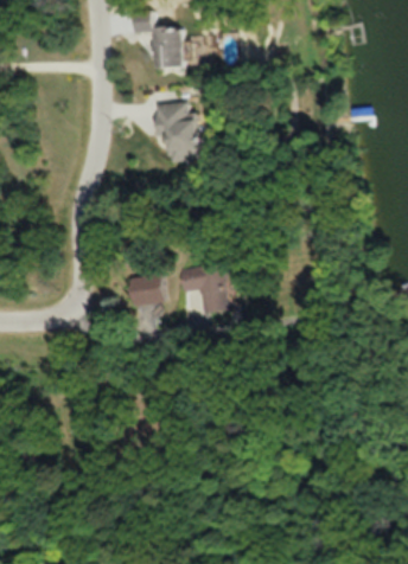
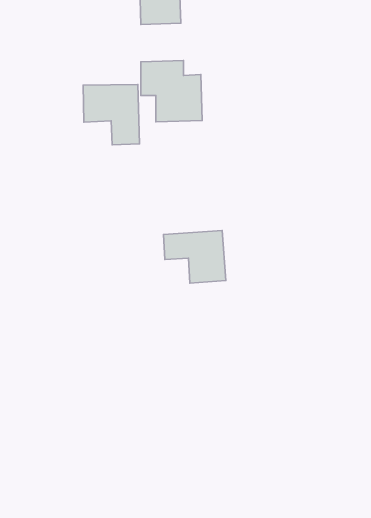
building: none -> [83,84,140,145]
building: [127,275,166,305] -> none

